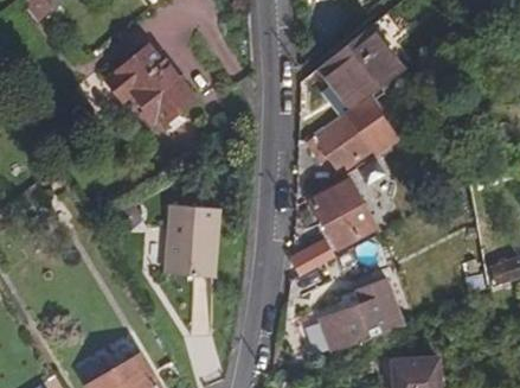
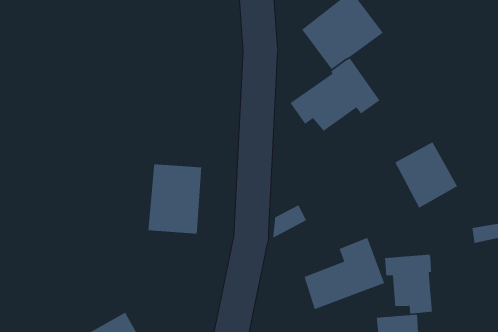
building: [108,46,190,120] -> none
building: [312,178,377,247] -> [394,141,458,209]
building: none -> [384,254,433,314]

